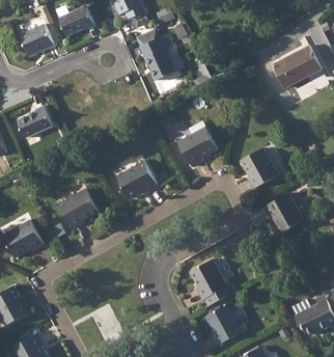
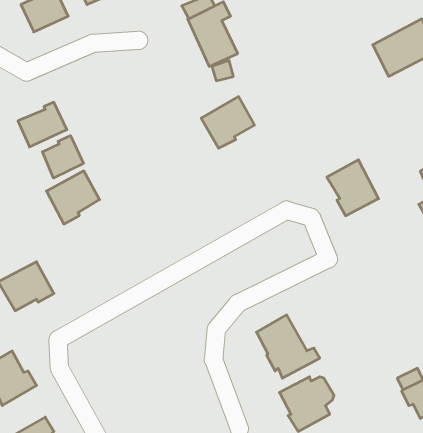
building: [178,128,217,165] -> [201,97,254,148]
building: none -> [42,136,83,178]
building: [117,162,157,197] -> none
building: [59,190,98,228] -> [46,171,100,224]
building: [265,193,303,232] -> none

